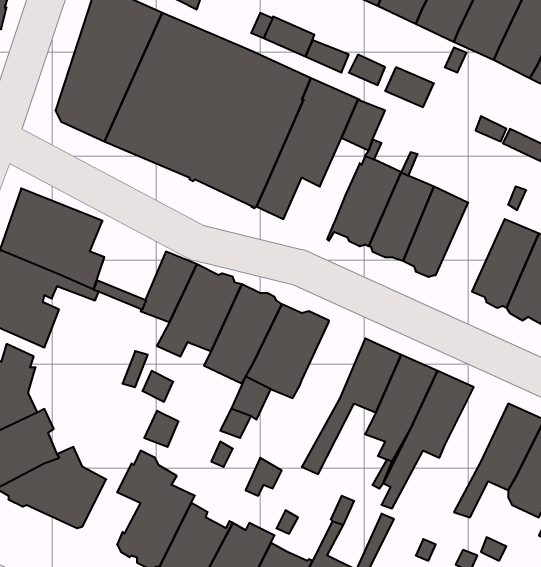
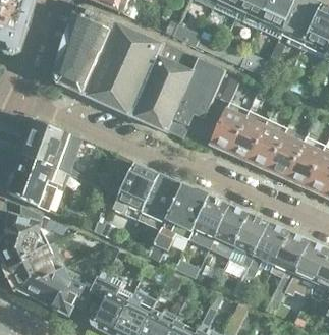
building: none -> [269,128,308,178]
building: none -> [185,196,229,277]
building: none -> [271,232,310,302]

